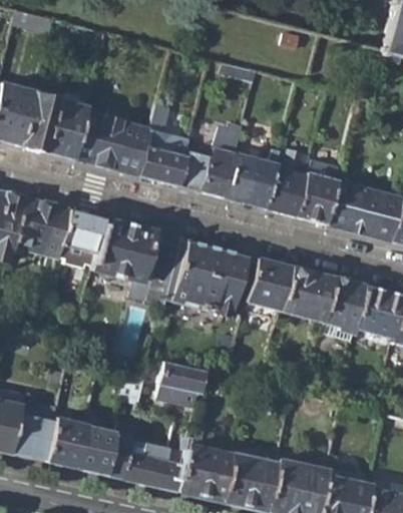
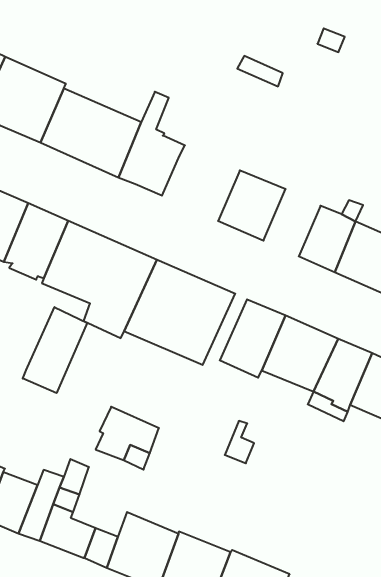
building: [175,126,241,197] -> none
building: [263,146,309,215] -> none
building: none -> [23,307,87,393]

